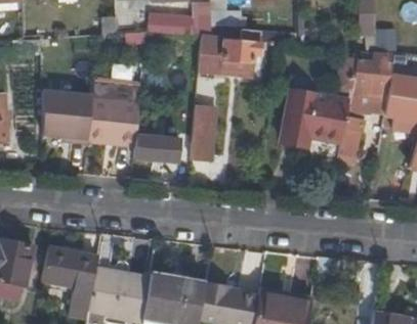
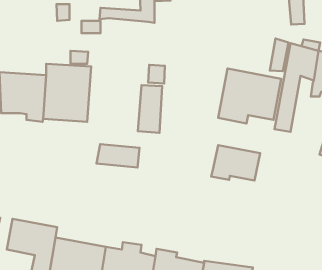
building: [197,25,260,72] -> none
building: [133,134,180,159] -> [96,144,140,167]
building: none -> [211,145,260,180]

